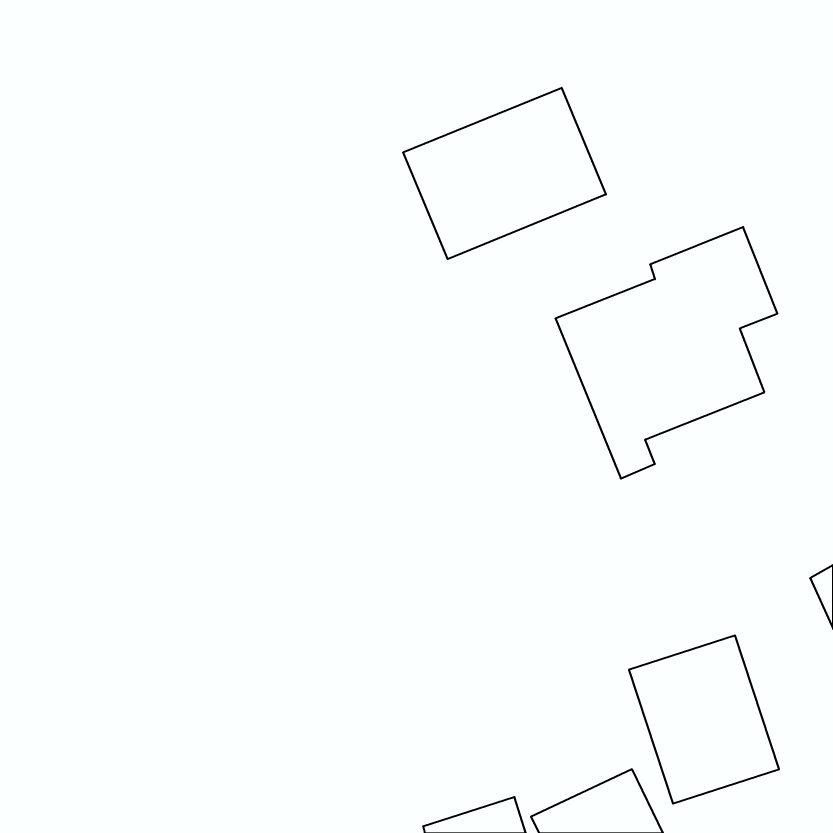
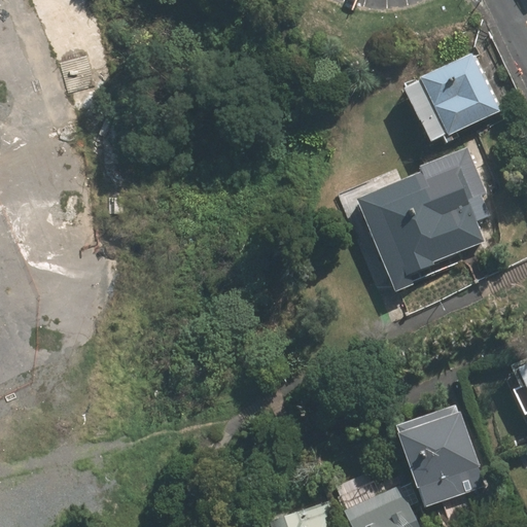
building: none -> [401,55,500,148]
building: [403,88,606,259] -> none

